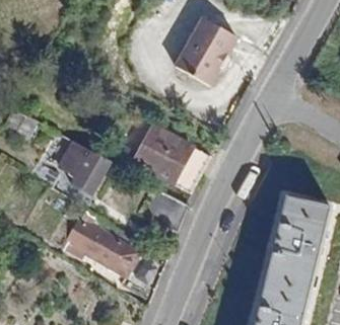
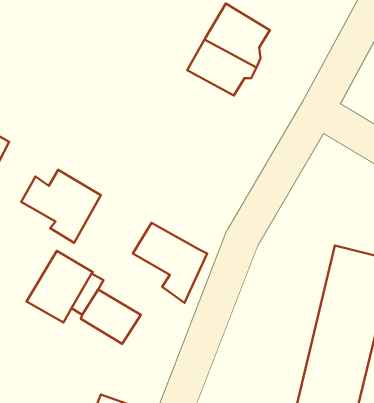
building: [132,125,206,188] -> none

